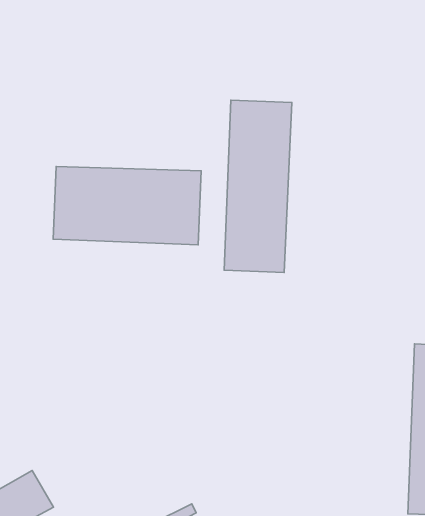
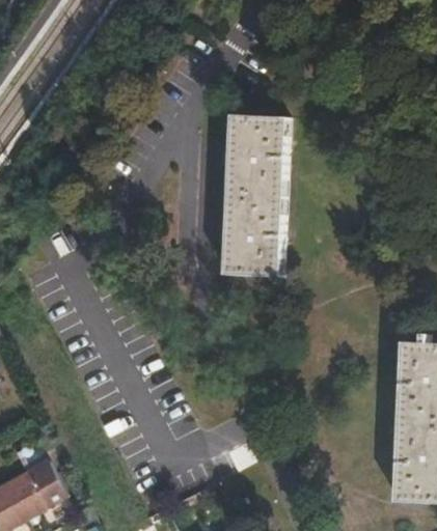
building: [53,166,201,245] -> none

